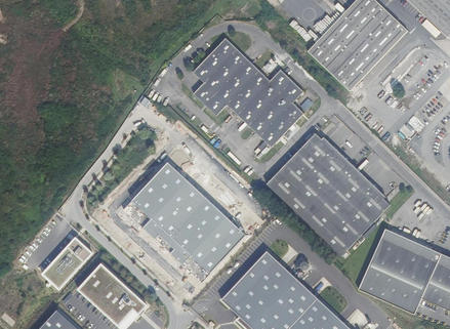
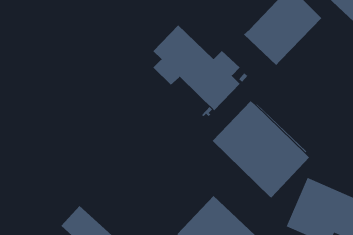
building: [131,162,244,272] -> none
building: [40,236,92,289] -> none

